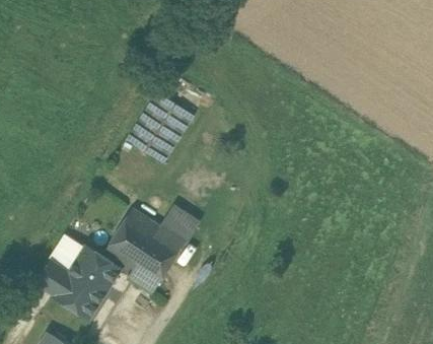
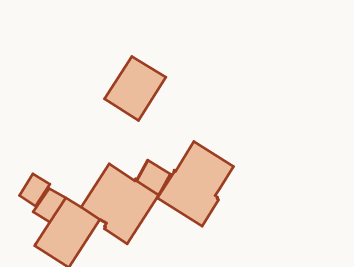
building: none -> [157,142,234,226]
building: [35,260,68,294] -> [20,174,50,206]

